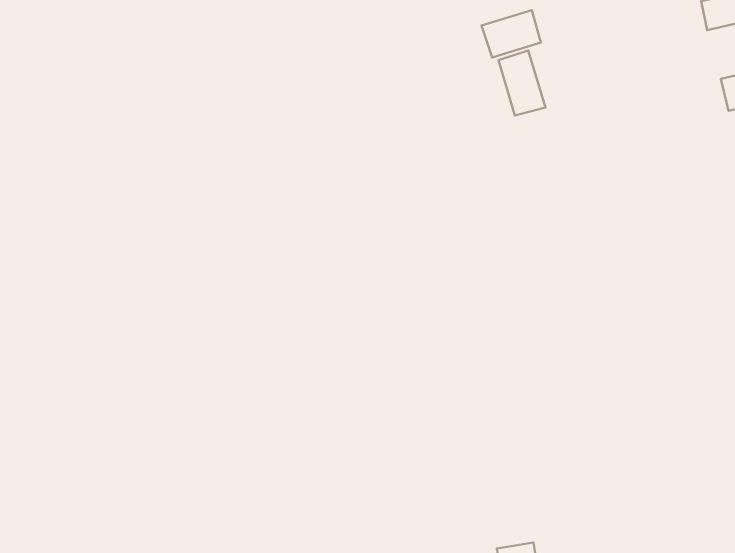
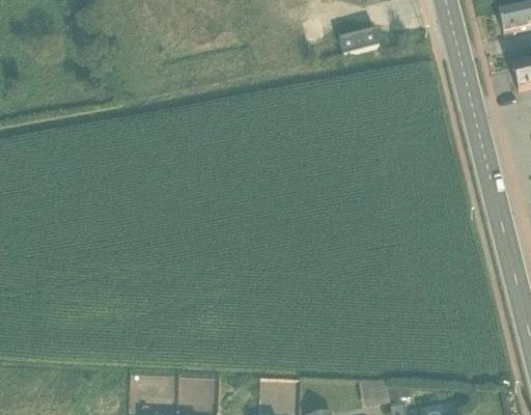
building: [499,51,545,116] -> none

